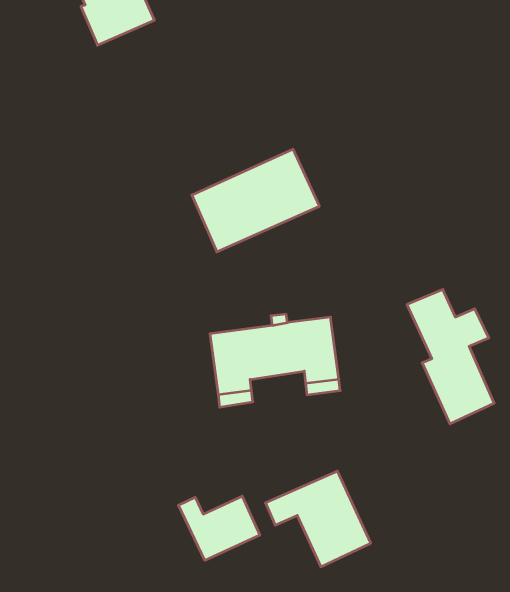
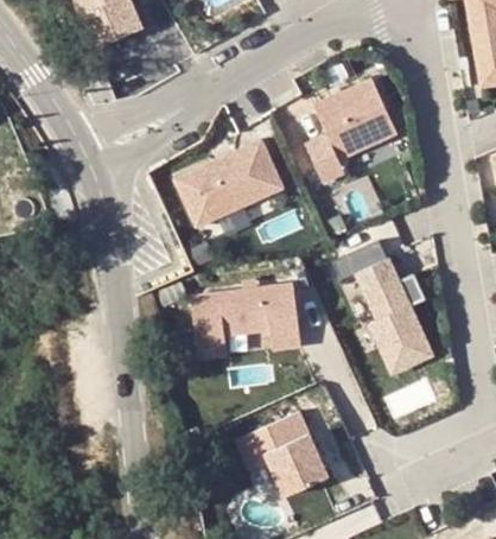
building: none -> [305,78,398,183]
building: [178,496,260,560] -> none

